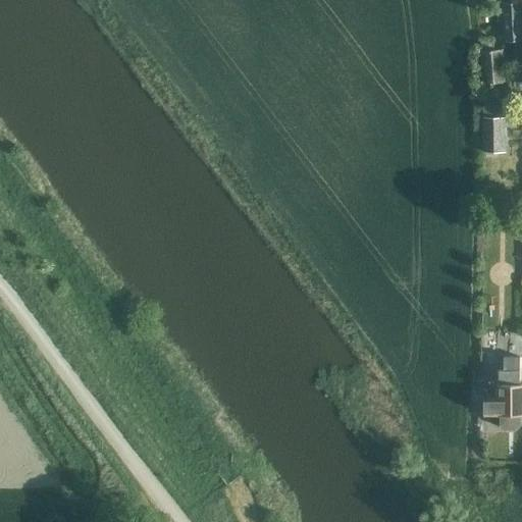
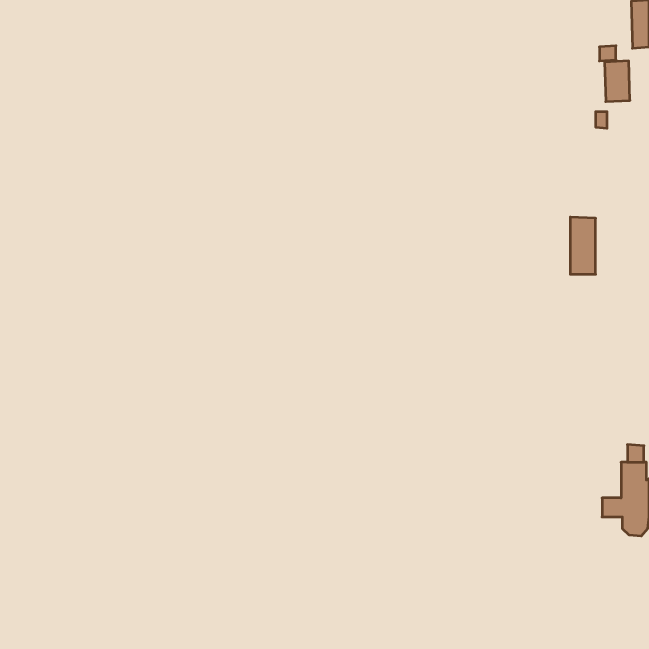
building: [486,105,507,151] -> [570,217,596,274]

